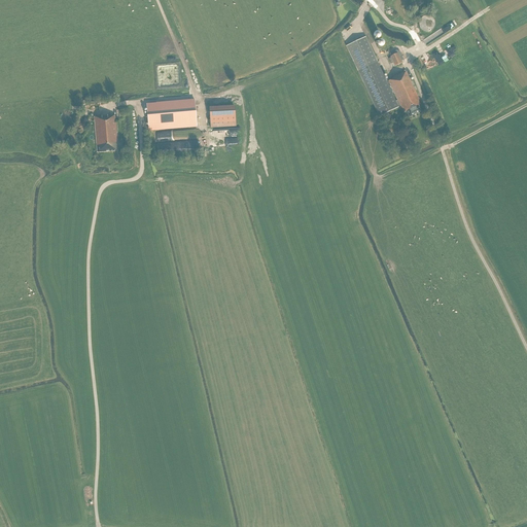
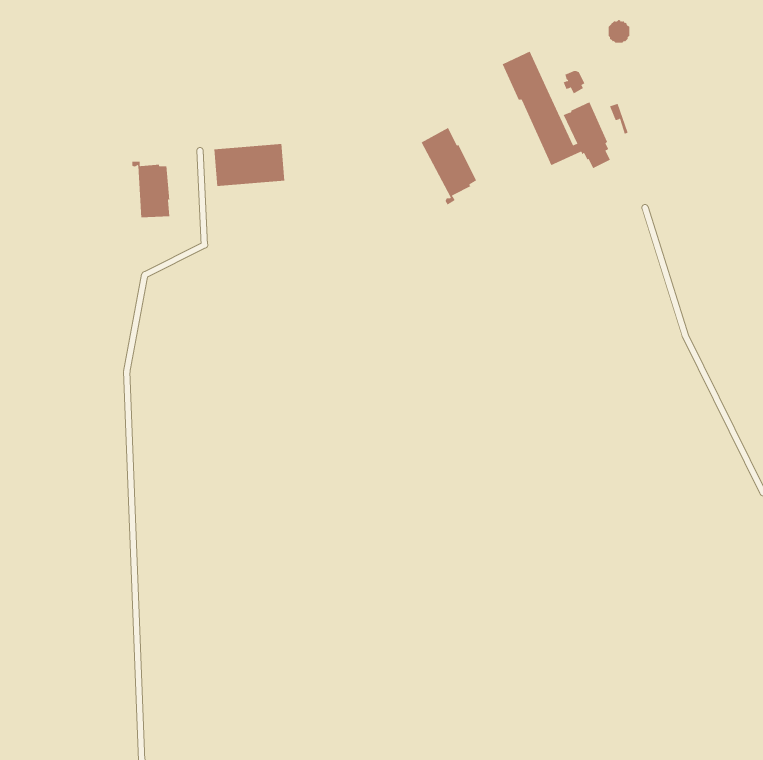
building: none -> [421,127,477,205]
building: [209,104,236,126] -> none

